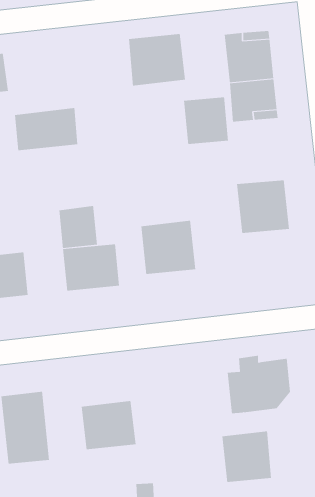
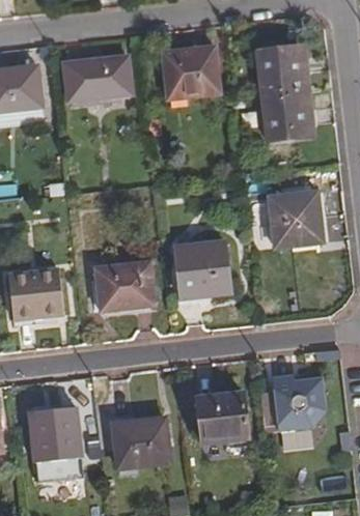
building: [184,96,229,145] -> none
building: [14,108,78,151] -> [65,59,130,103]
building: [59,205,97,249] -> none
building: [221,431,272,482] -> [197,392,248,443]

